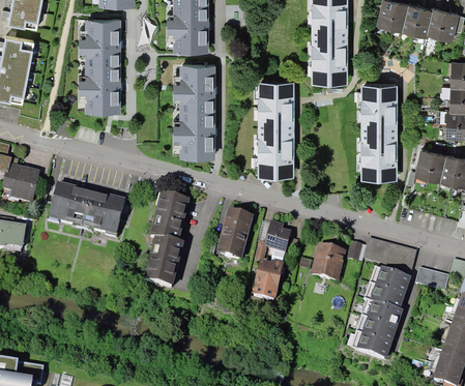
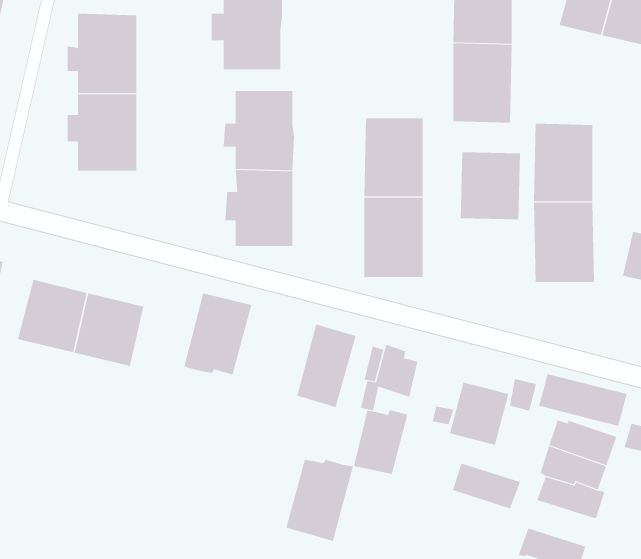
building: none -> [460,152,520,220]
building: [143,234,184,284] -> [285,459,354,542]
building: [356,313,398,340] -> [452,463,521,509]

